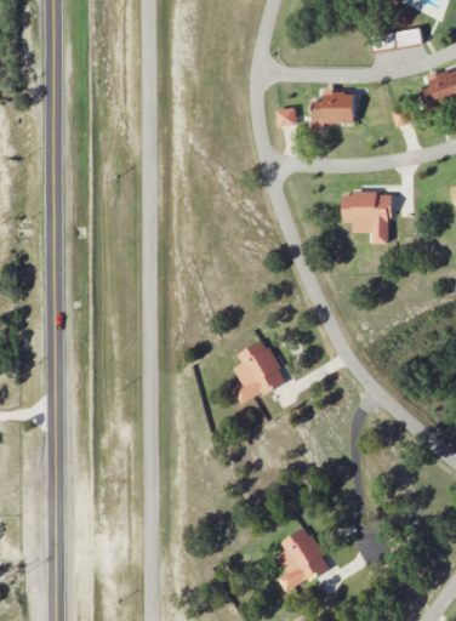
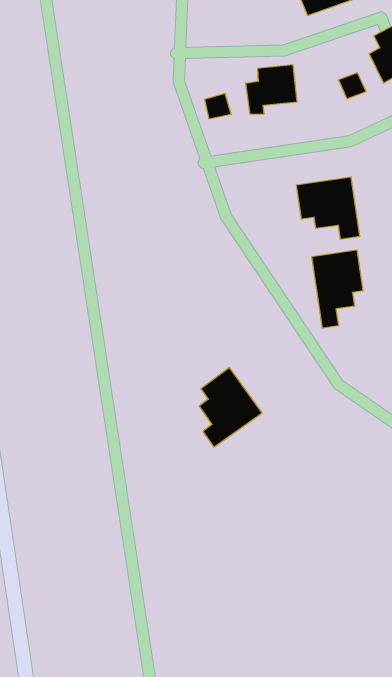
building: none -> [312,250,363,328]
building: [275,526,329,592] -> none

